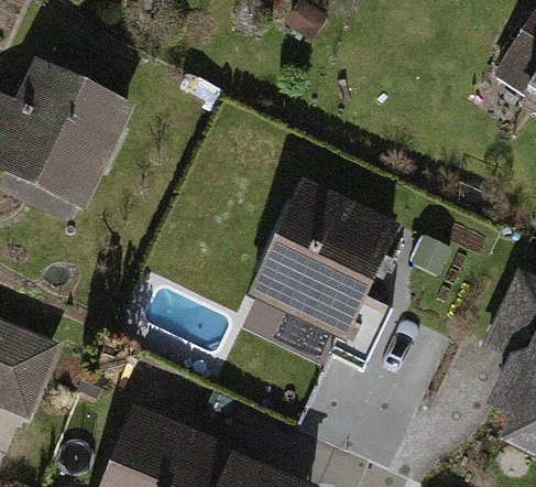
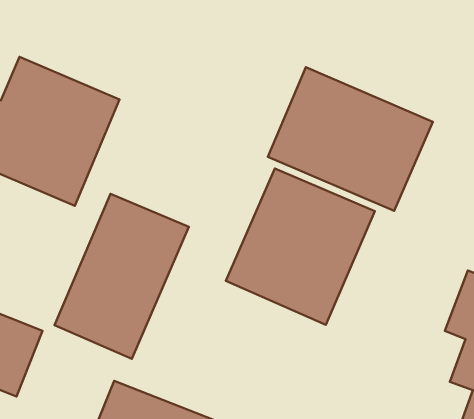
building: none -> [268,67,433,211]
building: none -> [54,194,189,359]

